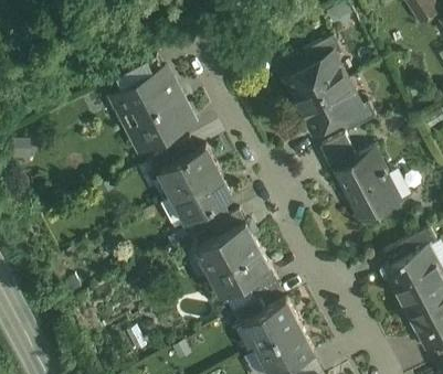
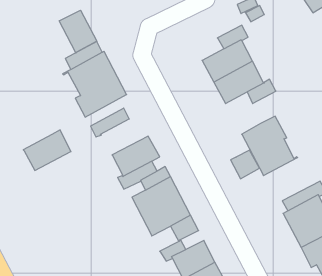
building: none -> [59,10,97,53]
building: [323,138,358,173] -> [231,150,259,179]
building: [161,149,220,199] -> [23,130,71,170]

